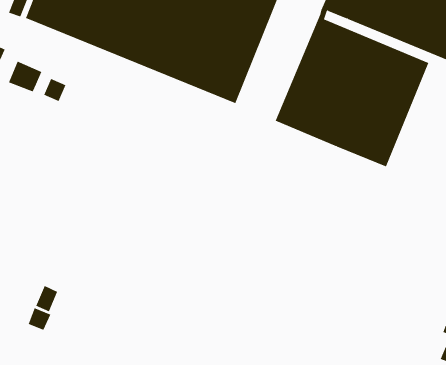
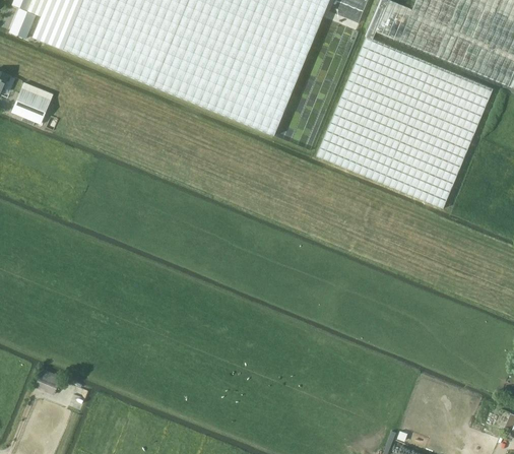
building: [44,78,66,102] -> none
building: [36,285,58,312] -> none

